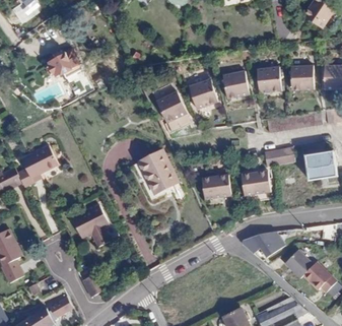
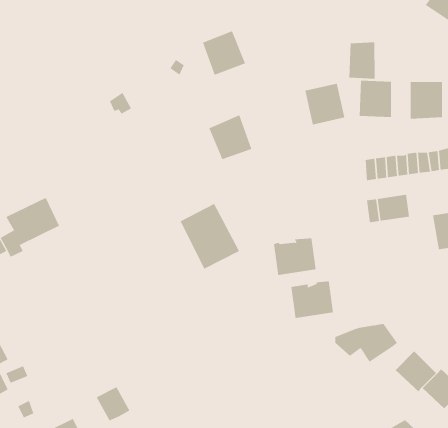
building: none -> [349,42,375,79]
building: [46,50,82,80] -> none
building: [189,78,218,109] -> [202,30,246,75]
building: [238,168,268,193] -> [290,281,334,318]
building: [71,205,109,247] -> none

